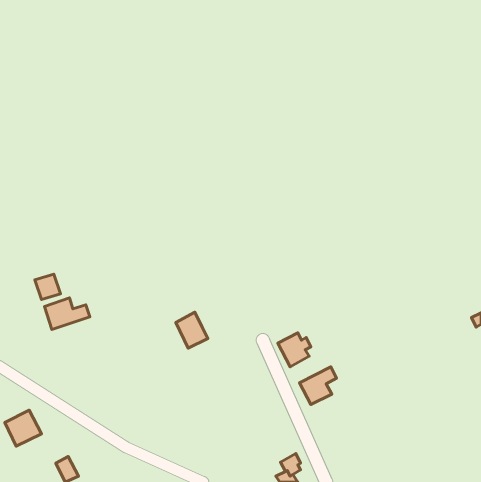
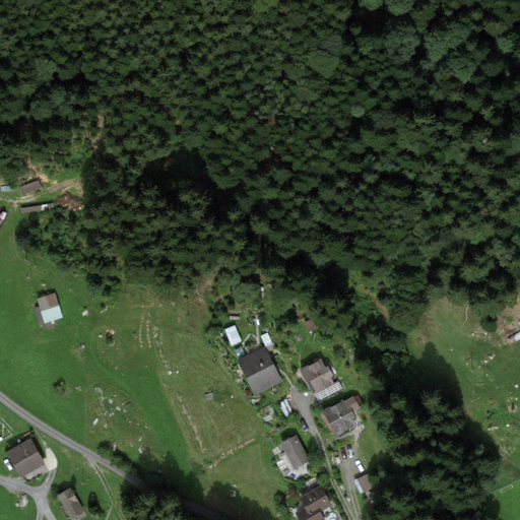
building: [44,298,90,329] -> none
building: [176,312,208,348] -> [241,350,275,389]
building: none -> [278,435,307,467]

